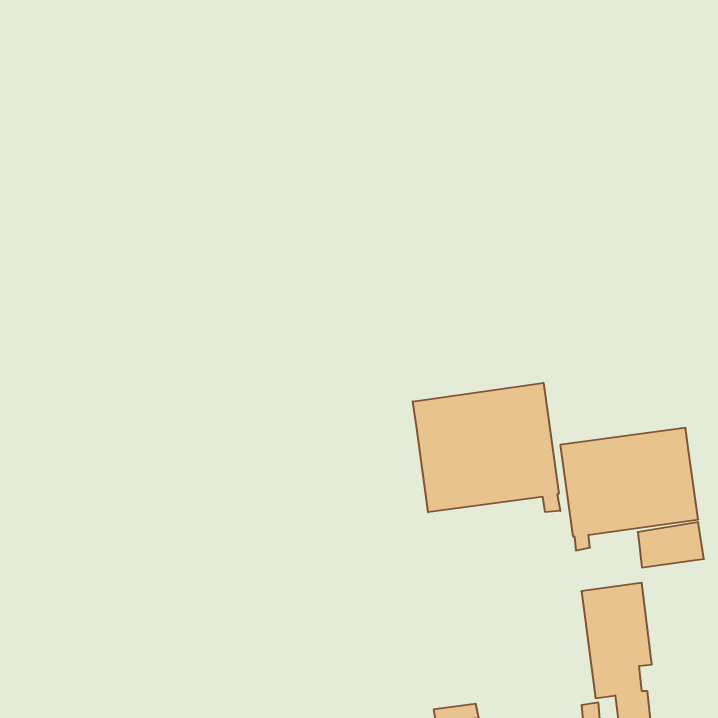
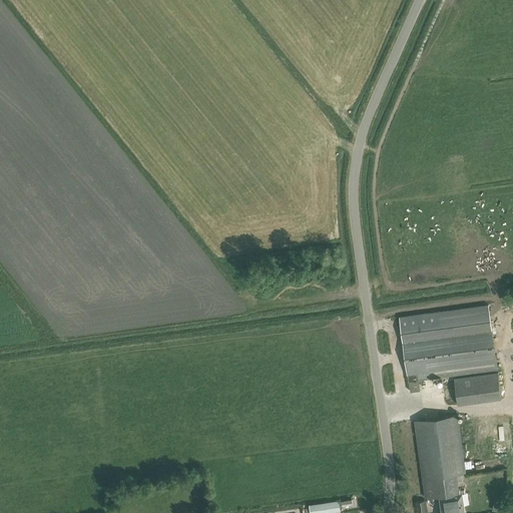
building: [413,383,560,512] -> none

